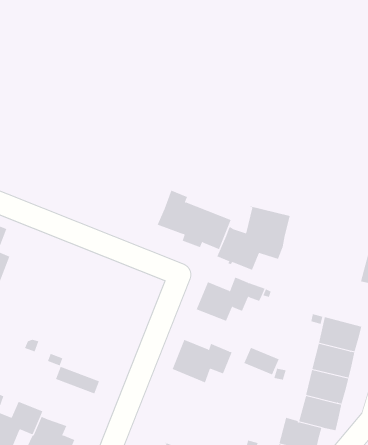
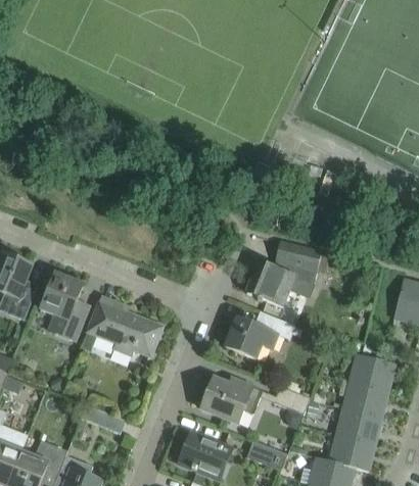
building: [157,190,232,250] -> [86,295,162,356]
building: none -> [40,273,85,340]
building: none -> [178,431,232,480]
building: none -> [246,440,287,470]

